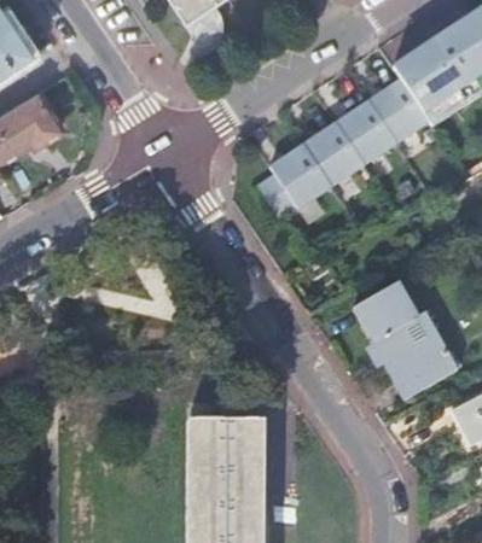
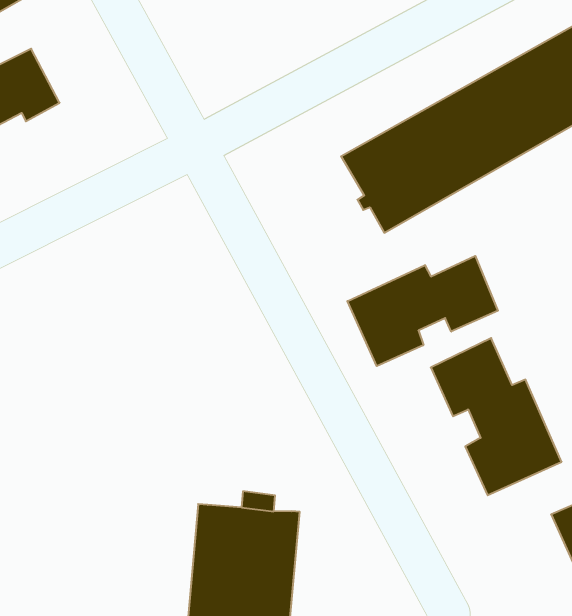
building: none -> [347,256,498,366]

